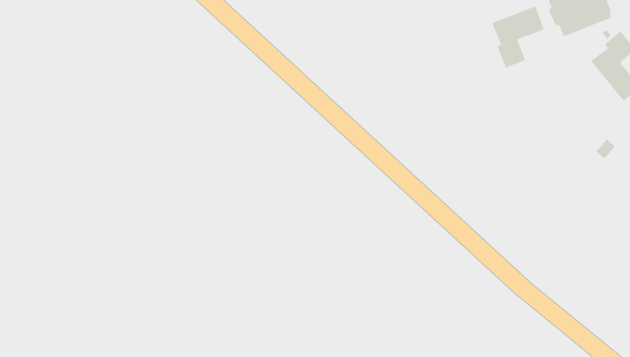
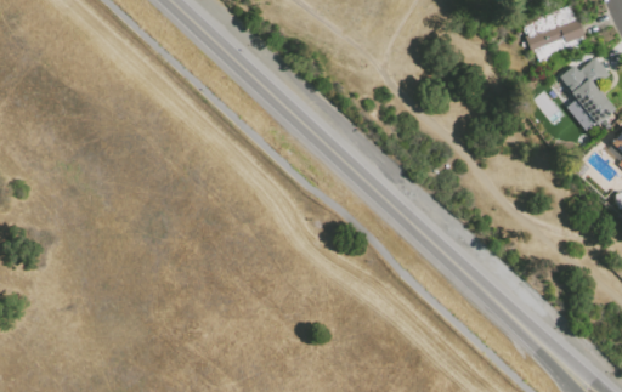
building: [492,6,544,69] -> none

